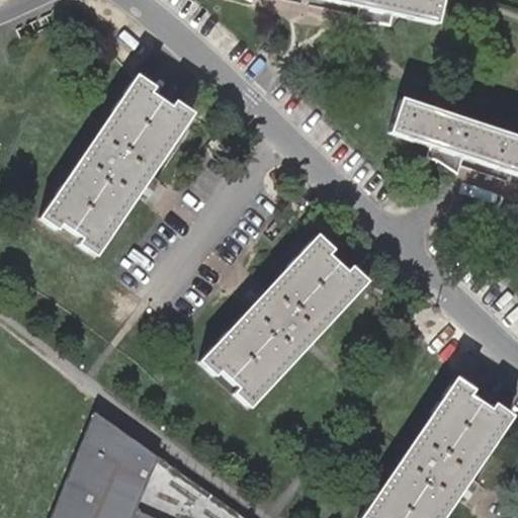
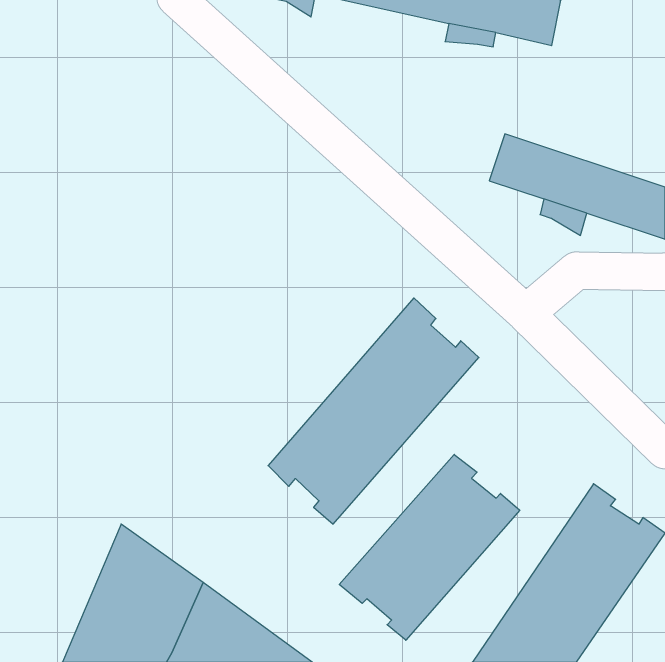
building: [45,63,196,246] -> none
building: none -> [339,454,520,640]

